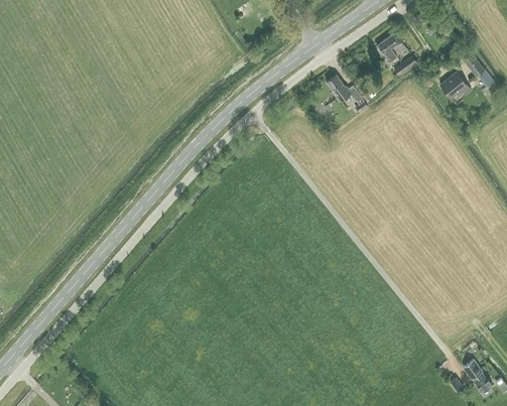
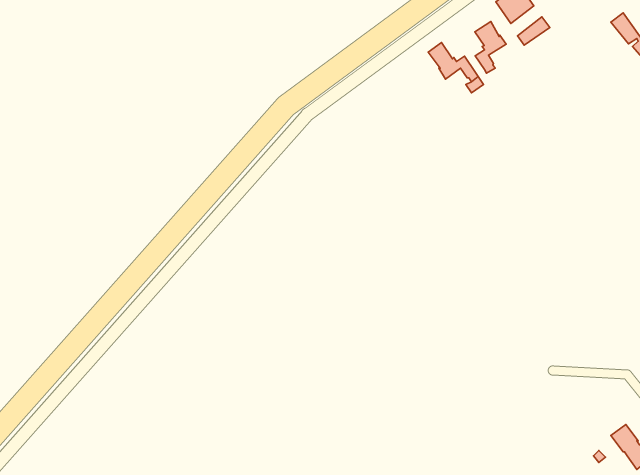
building: none -> [475,22,506,73]
building: [440,71,472,98] -> none

